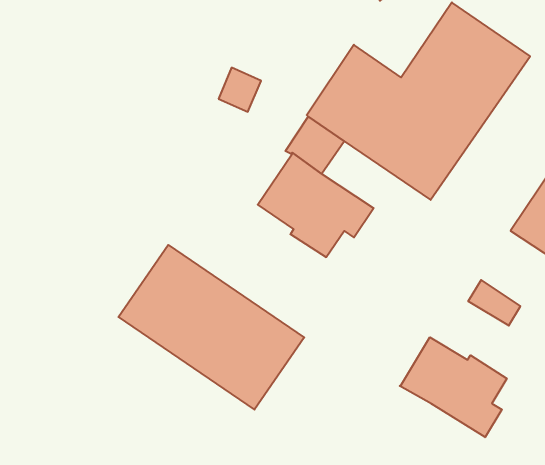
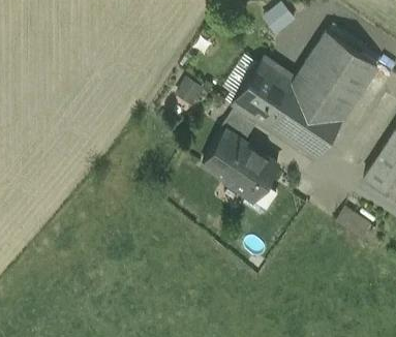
building: [118,245,304,410] -> none
building: [400,337,507,437] -> none

